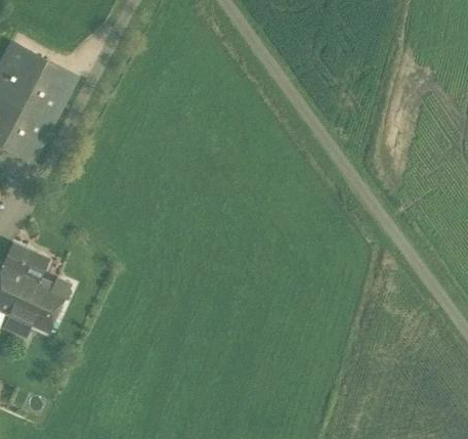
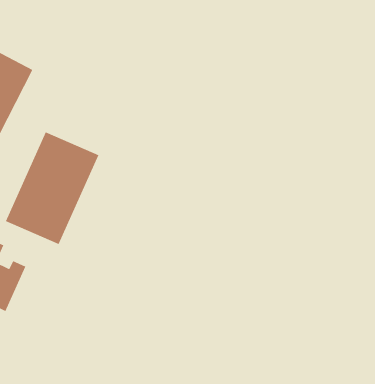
building: none -> [5,131,99,245]

